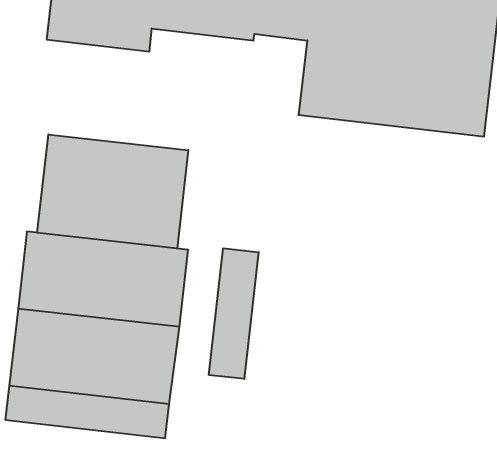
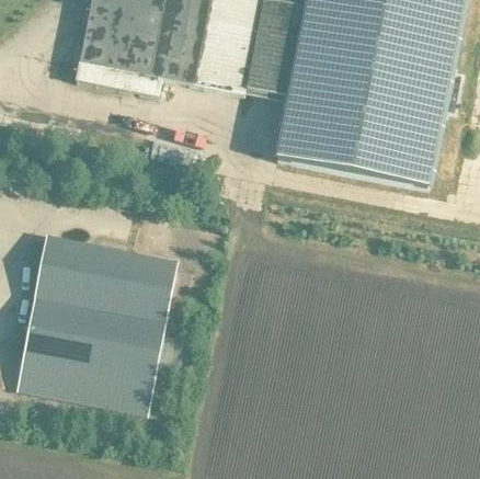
building: [37,134,188,249] -> none
building: [209,248,259,379] -> none

